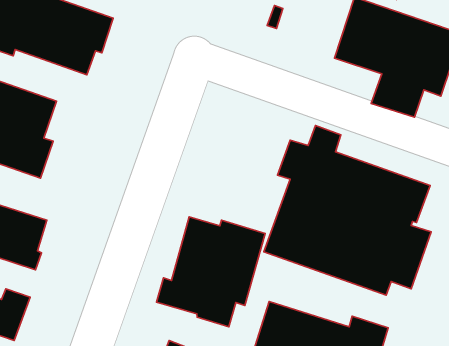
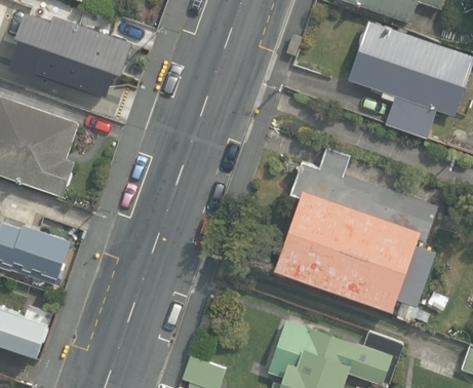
building: [156,217,265,327] -> none

